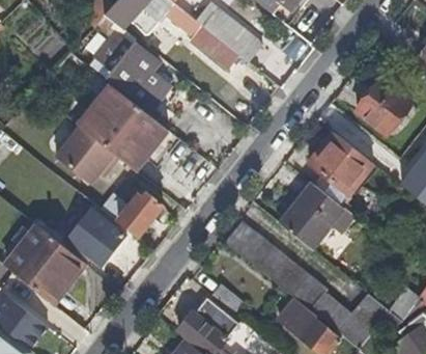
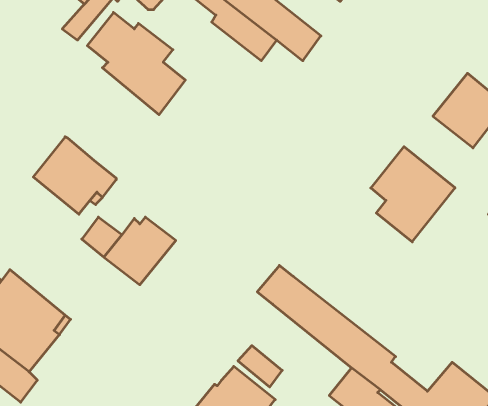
building: [79,84,168,171] -> none
building: [281,183,343,248] -> none
building: [67,209,124,266] -> none

